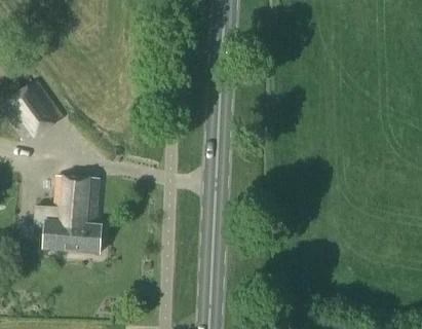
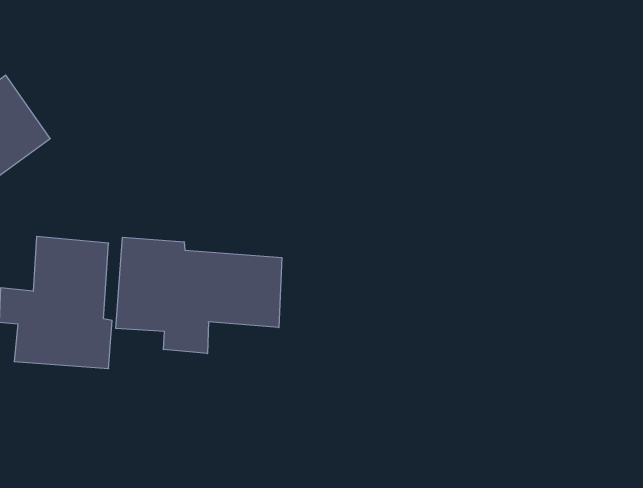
building: none -> [116,237,282,354]

